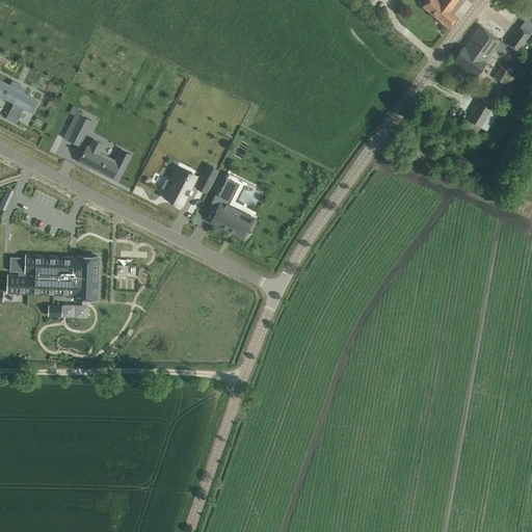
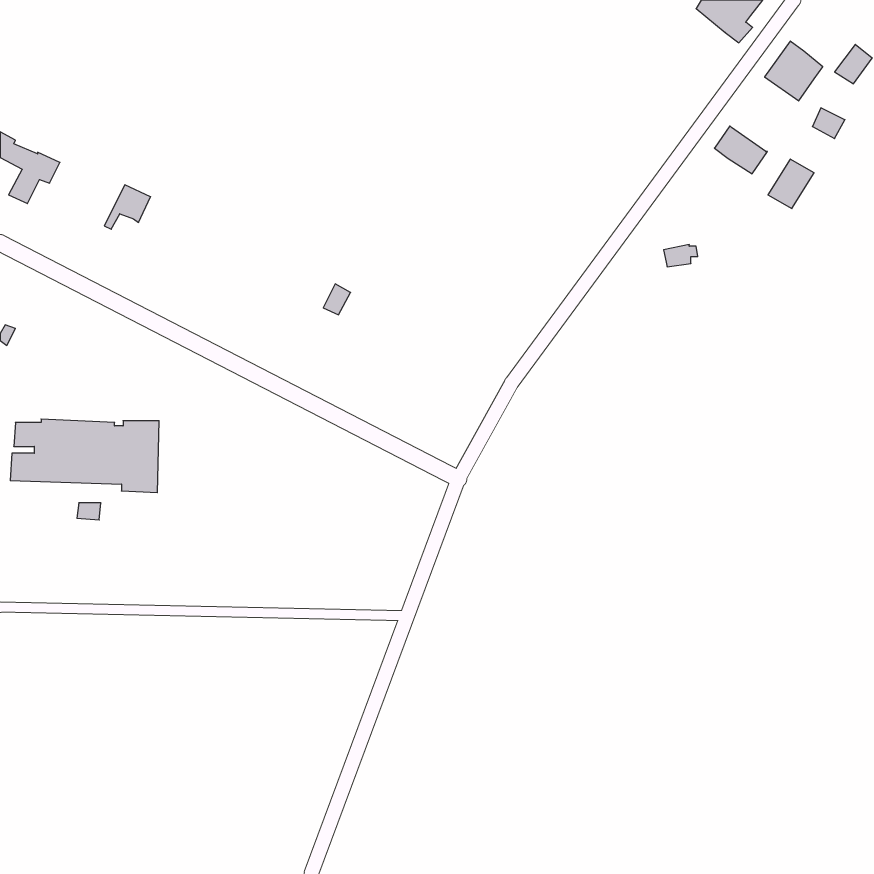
building: [454,46,486,75] -> [714,126,767,174]
building: [79,138,128,178] -> none
building: [162,172,193,205] -> none
building: [211,175,250,237] -> none

